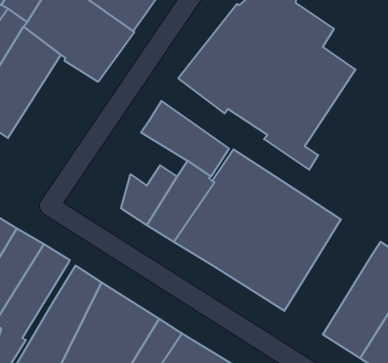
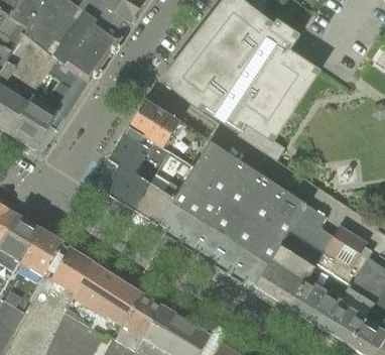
building: none -> [8,57,89,149]
building: none -> [108,127,168,174]
building: none -> [255,205,333,308]

